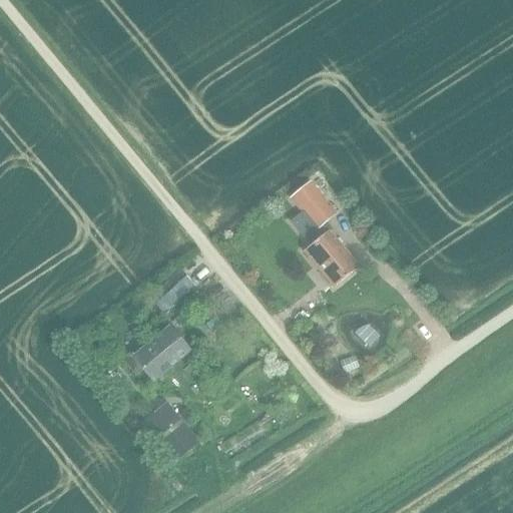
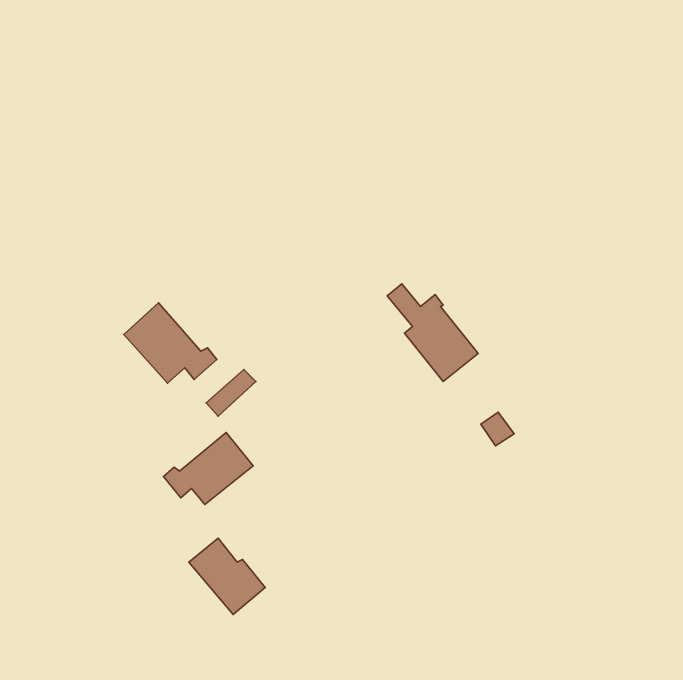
building: [290,180,337,229] -> none
building: none -> [124,303,217,383]

